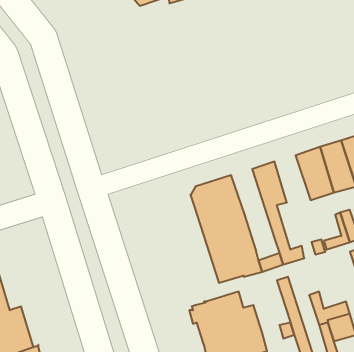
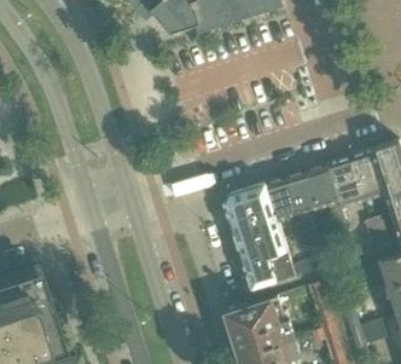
building: none -> [306,171,347,237]
building: none -> [263,184,306,255]

